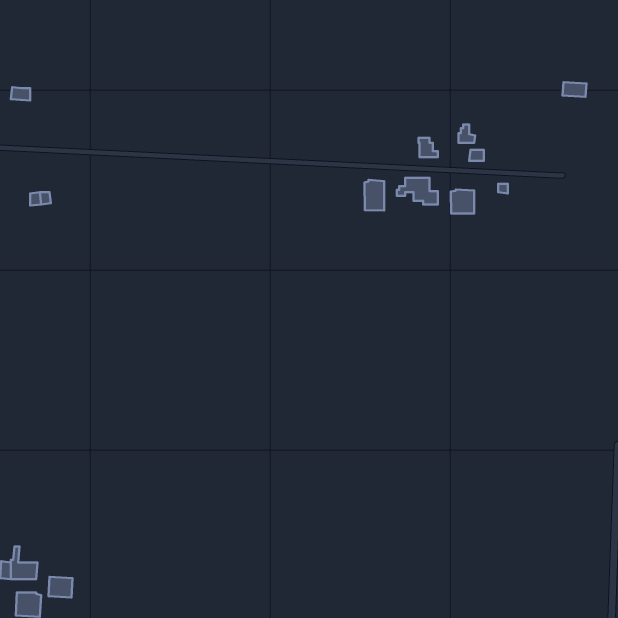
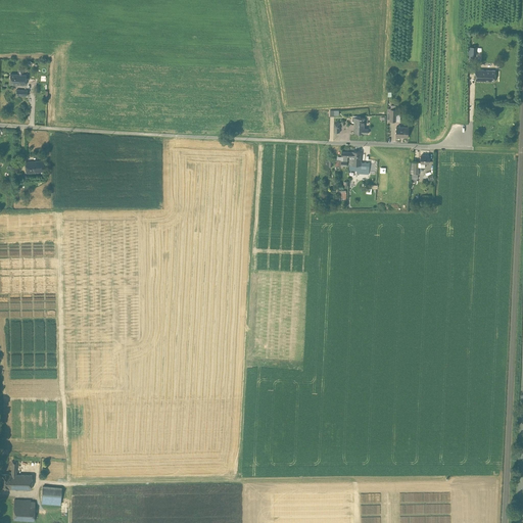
building: [365,180,384,210] -> none
building: [451,189,474,213] -> none

